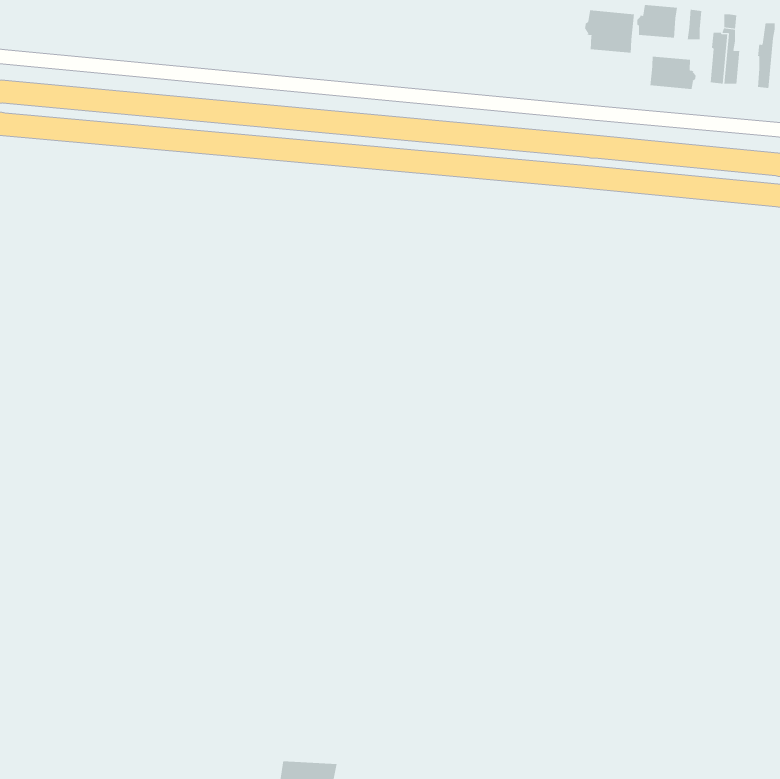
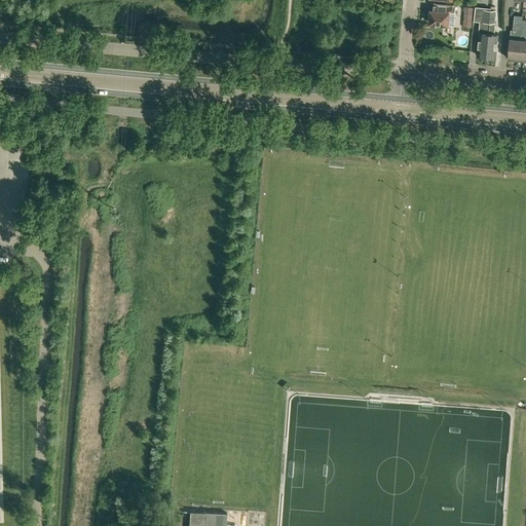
building: [585,9,635,54] -> none
building: [650,56,696,90] -> none

